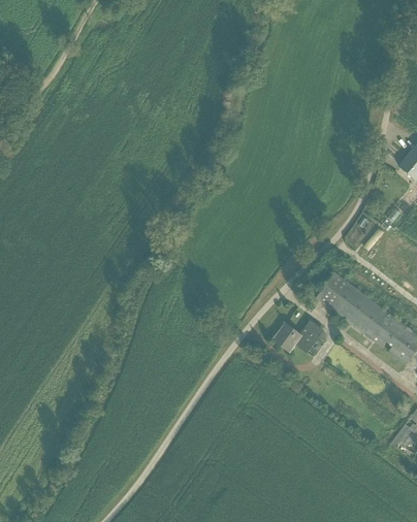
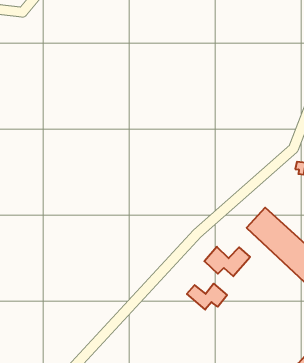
building: none -> [187,284,227,310]

